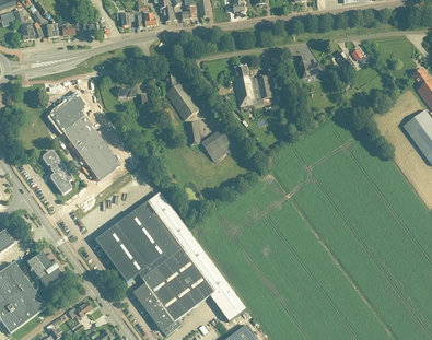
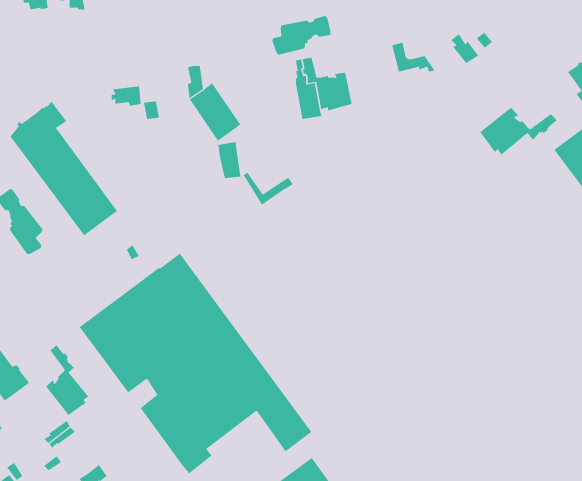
building: none -> [272,15,331,56]
building: none -> [480,107,558,155]
building: none -> [45,345,89,416]

